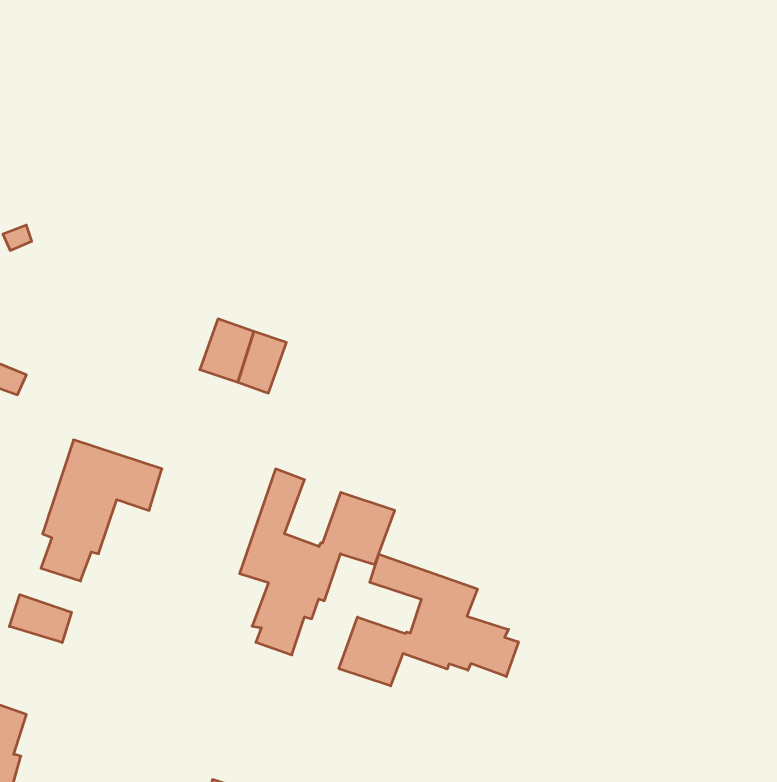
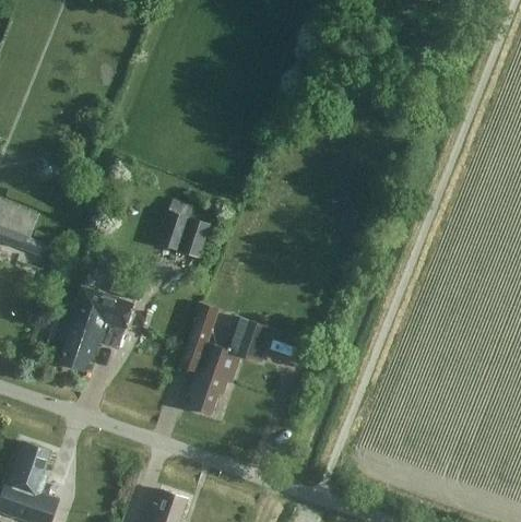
building: [339,554,518,686] -> none
building: [9,595,71,643] -> none

